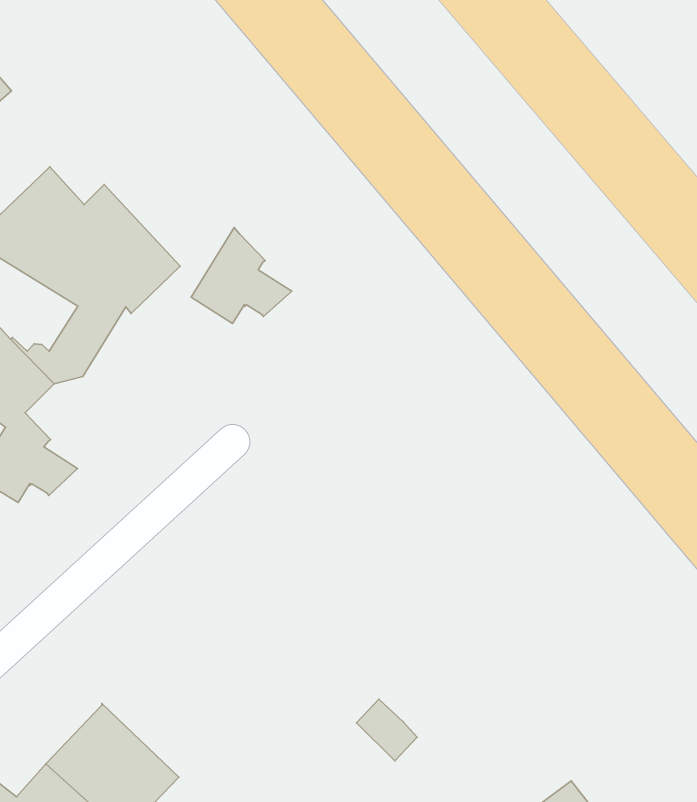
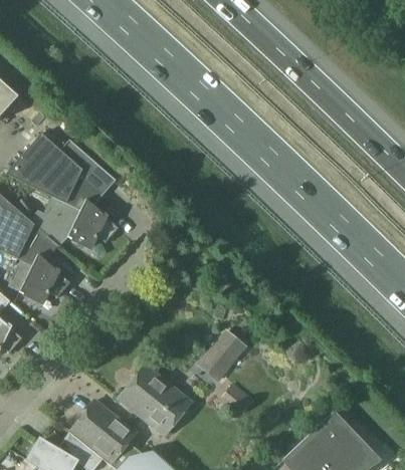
building: [191,227,292,323] -> [68,199,119,247]
building: none -> [197,328,247,382]
building: none -> [119,365,192,435]

